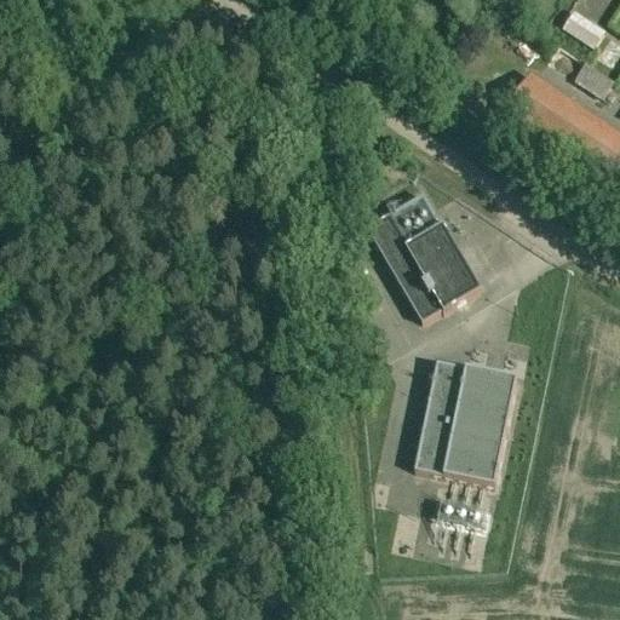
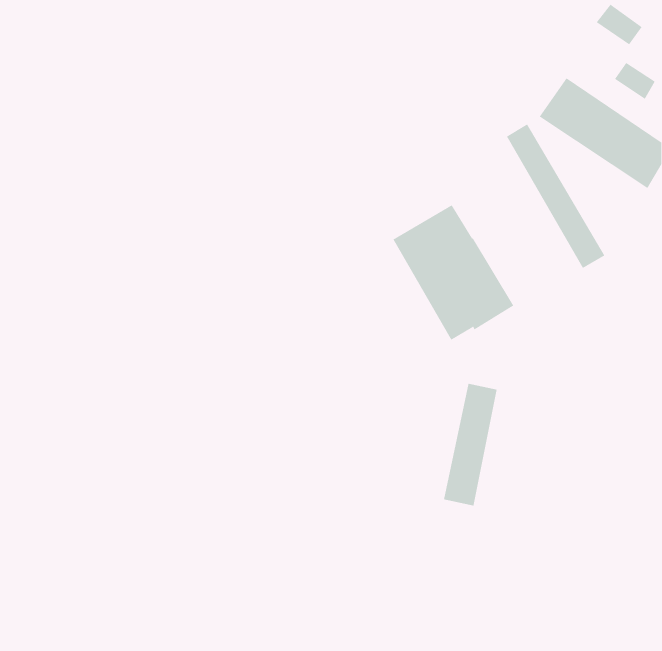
building: none -> [506,123,605,269]
building: [443,364,517,484] -> none

